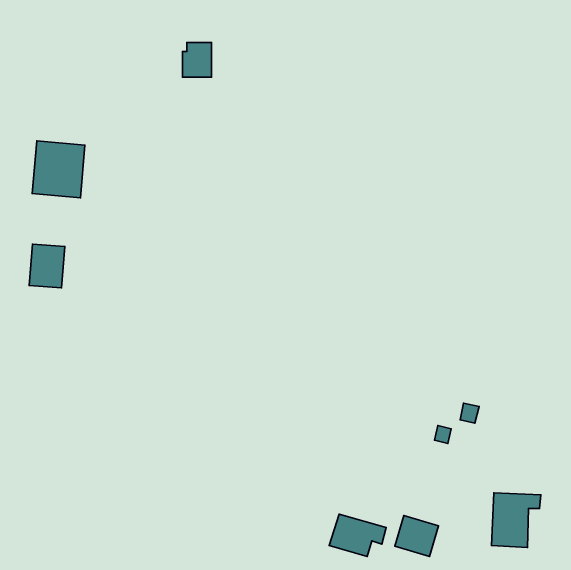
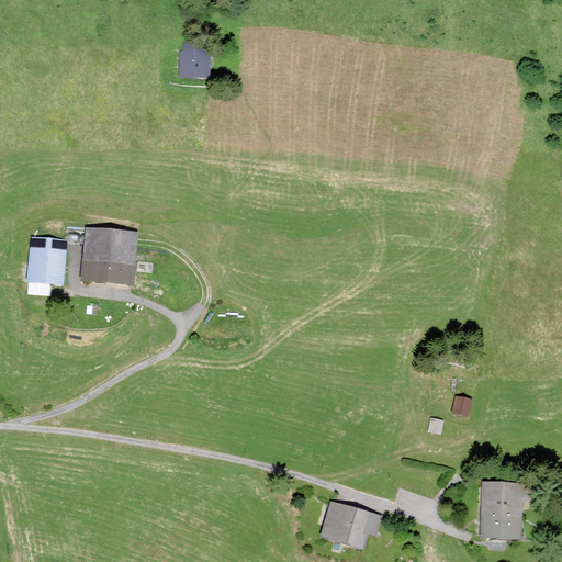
building: [32,141,85,198] -> [82,228,134,284]
building: [395,515,439,557] -> none

